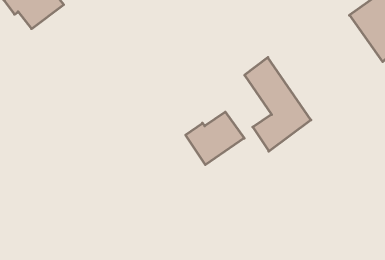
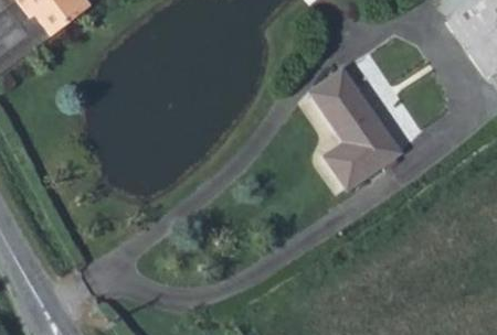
building: [186,112,244,165] -> none

